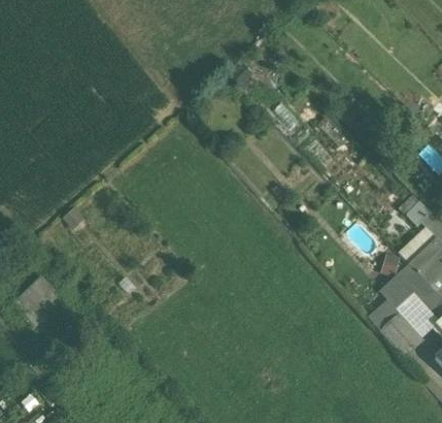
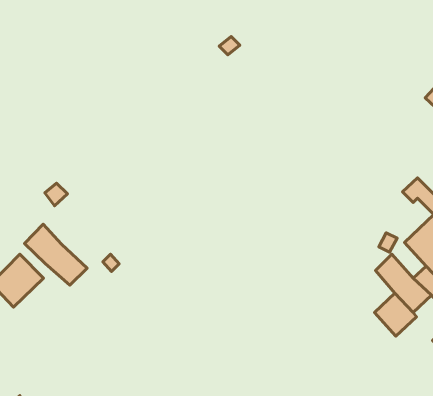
building: none -> [24,224,87,285]
building: [397,262,430,296] -> none

